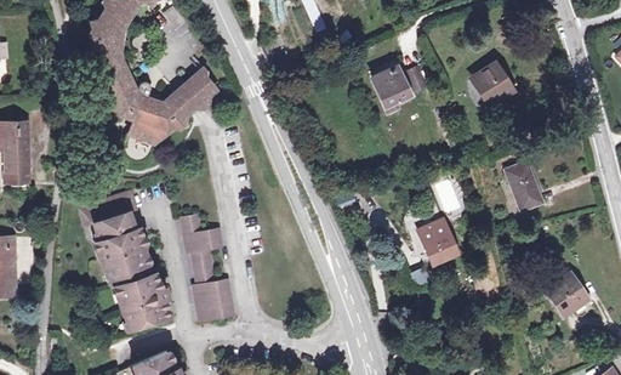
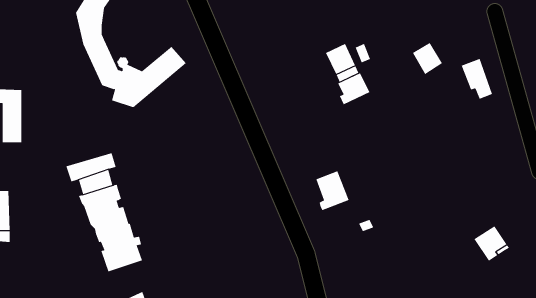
building: none -> [337,72,370,105]
building: [506,161,542,209] -> [461,58,493,100]
building: [181,216,232,320] -> none
building: [417,218,456,265] -> [316,171,350,211]

